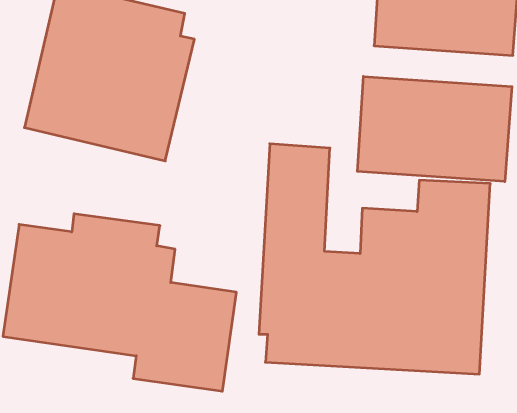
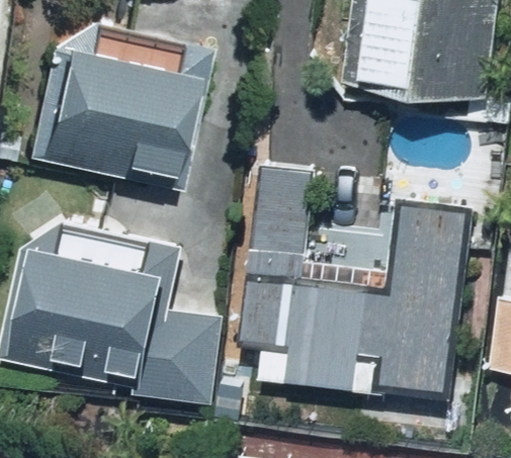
building: [357,76,512,182] -> none

